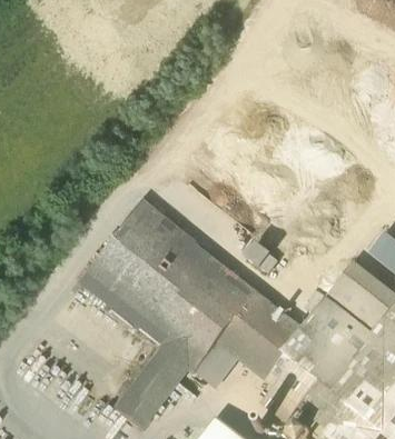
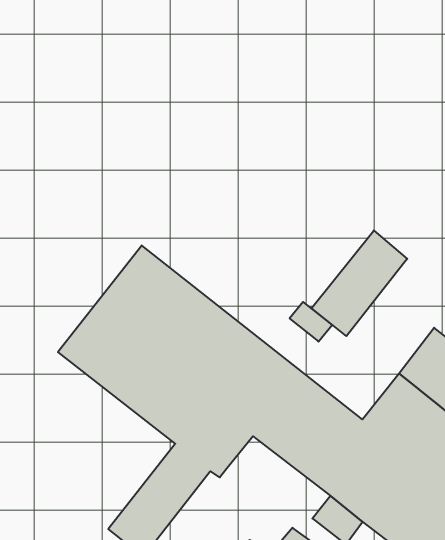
building: none -> [311,230,407,336]
building: [200,343,239,382] -> none

